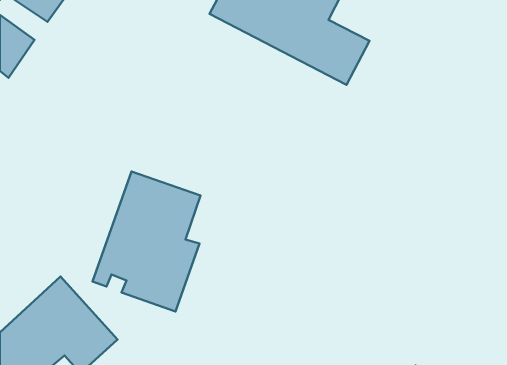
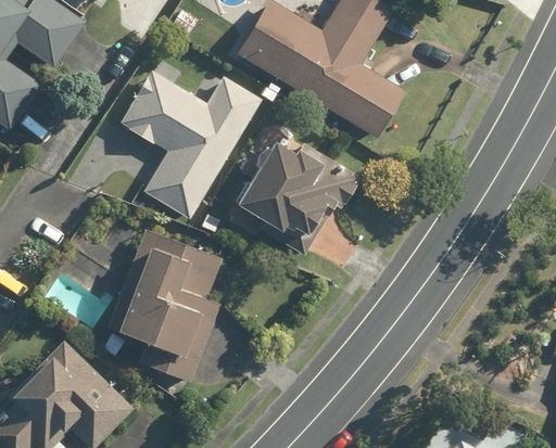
building: none -> [119,67,261,219]
building: none -> [229,136,359,255]

